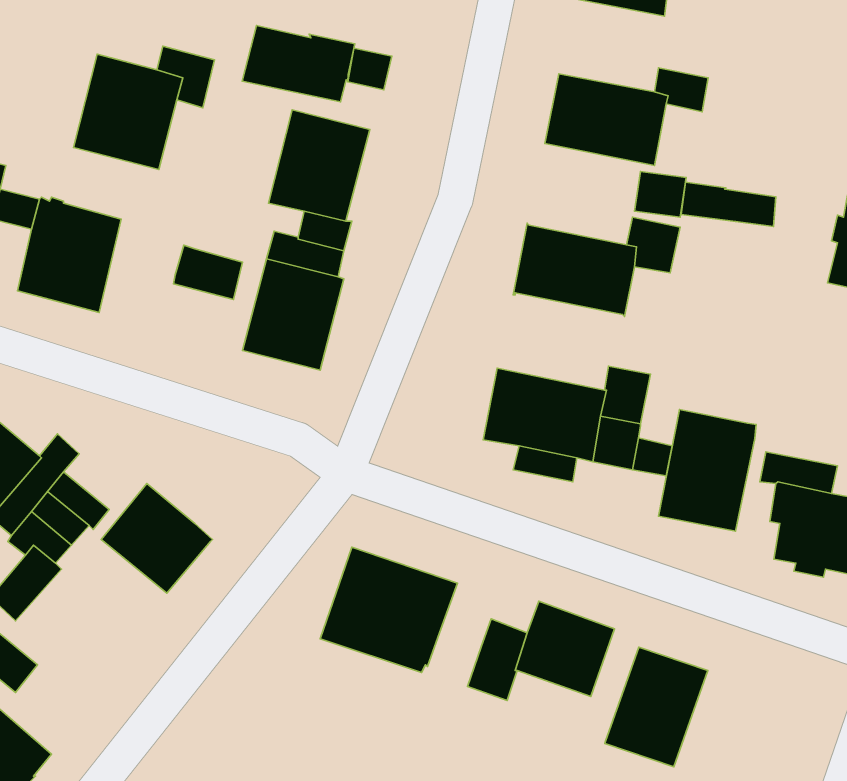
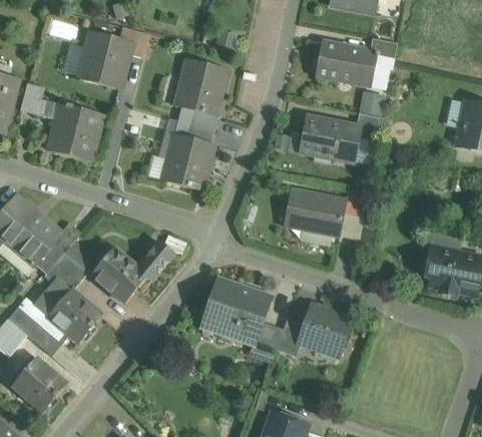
building: [242,26,355,102] -> none
building: [681,182,776,226] -> none
building: [173,245,243,299] -> none
building: [659,410,756,531] -> none
building: none -> [137,242,171,280]
building: none -> [47,289,99,341]
building: none -> [250,322,282,357]
building: [605,647,708,767] -> none

